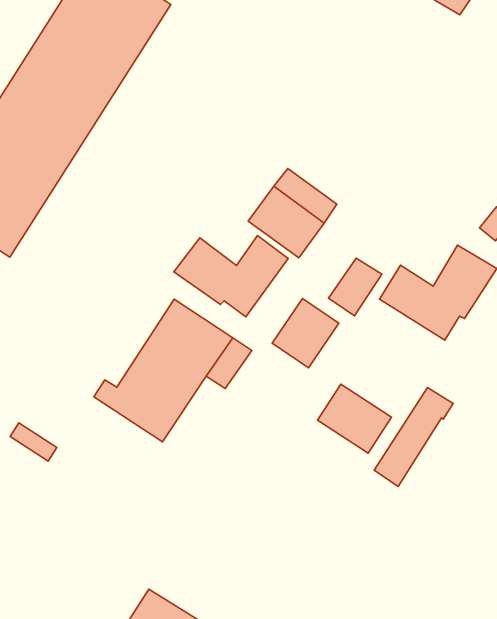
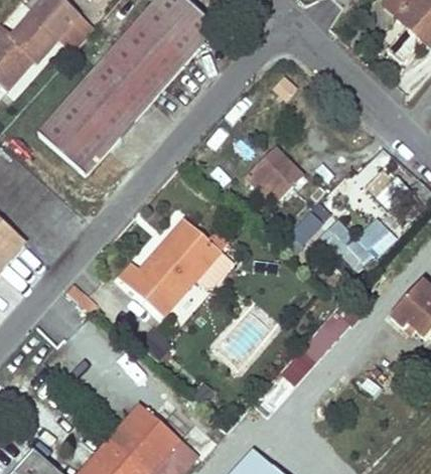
building: [174,236,288,317] -> none
building: [272,299,339,368] -> none
building: [317,384,392,453] -> none

